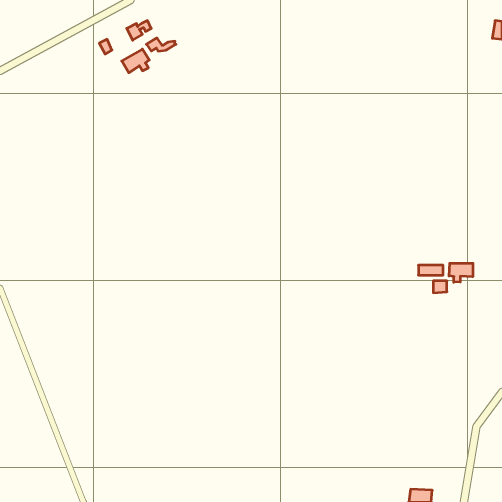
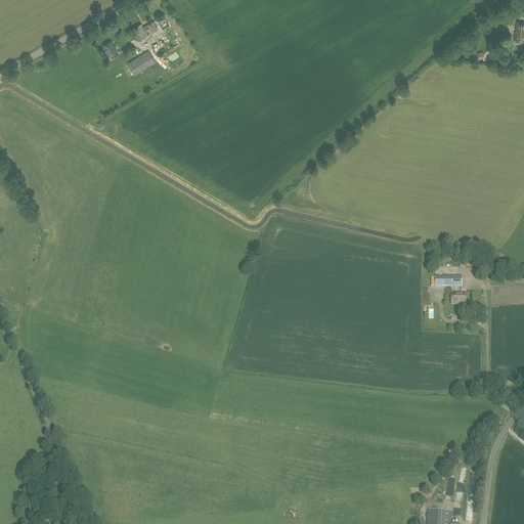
building: [449,263,473,282] -> none

